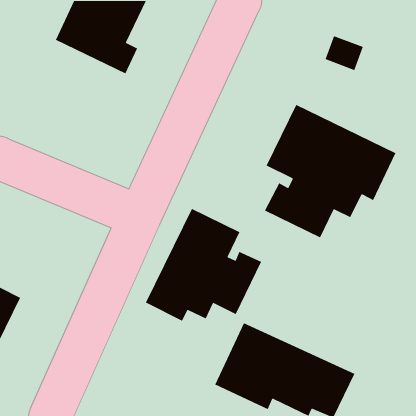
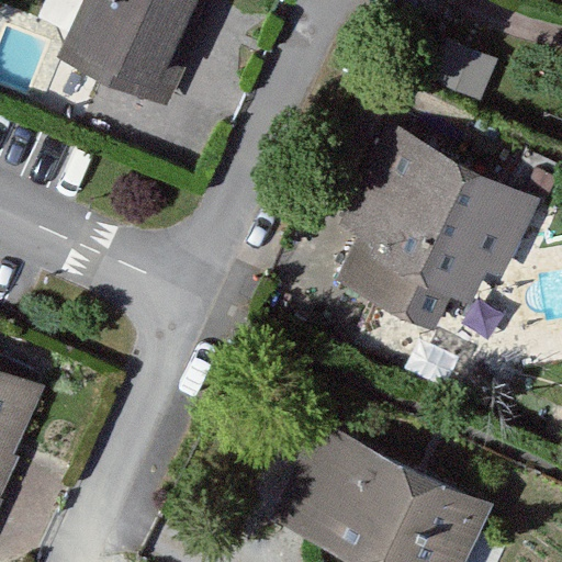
building: [145,208,262,322] -> none

